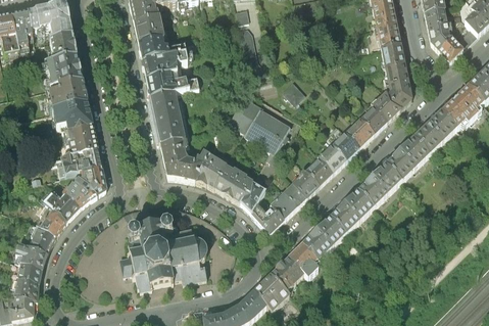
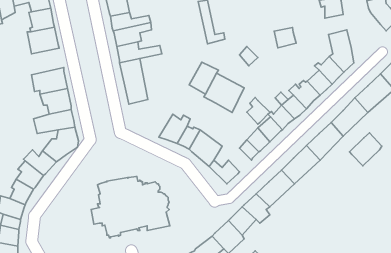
building: [380,41,404,63] -> [274,28,296,48]
building: [50,79,89,108] -> none
building: [161,136,210,178] -> none
building: none -> [350,133,382,166]
building: [273,187,298,217] -> [247,98,270,124]

